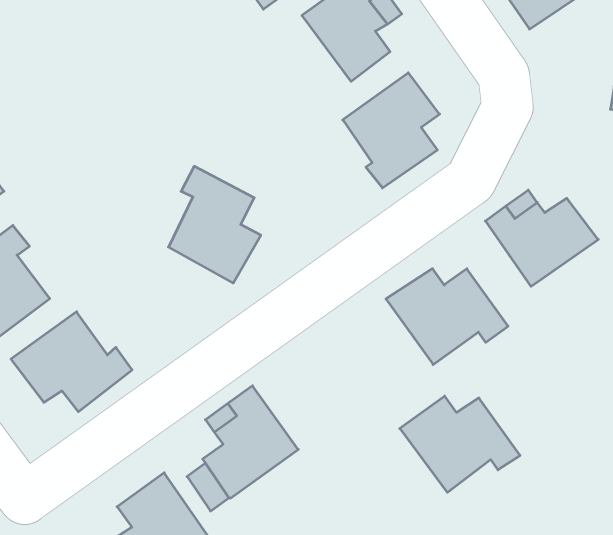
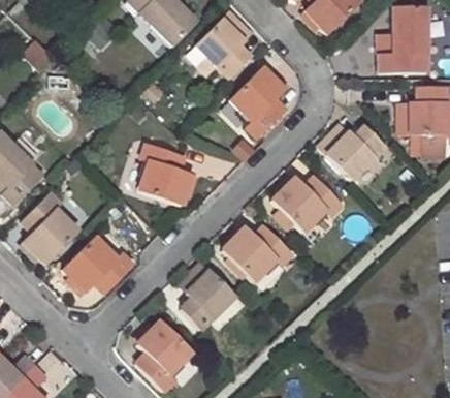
building: [400,396,520,492] -> [222,225,293,282]

